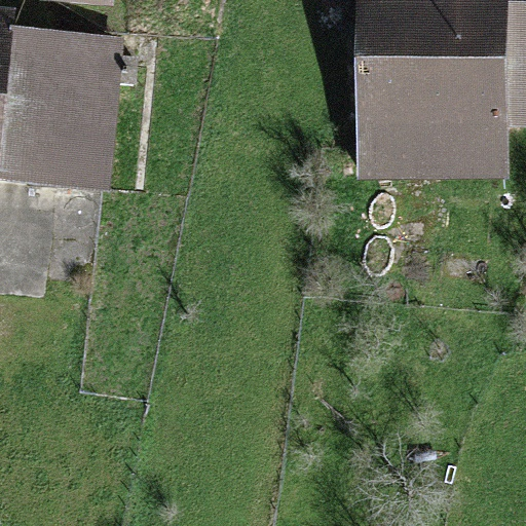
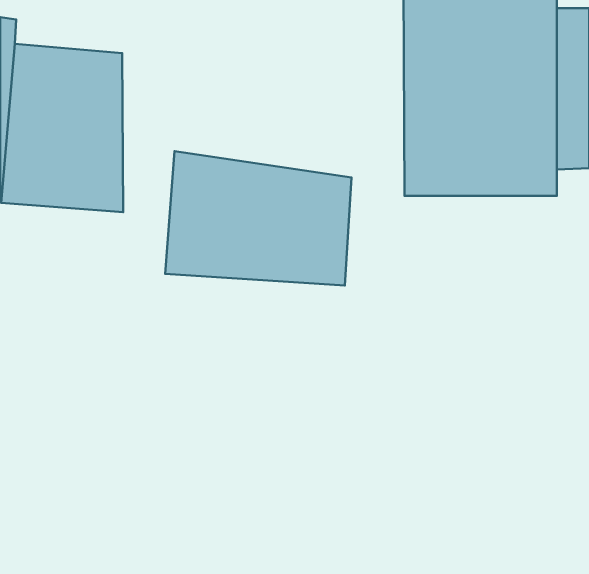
building: none -> [165,151,352,286]

